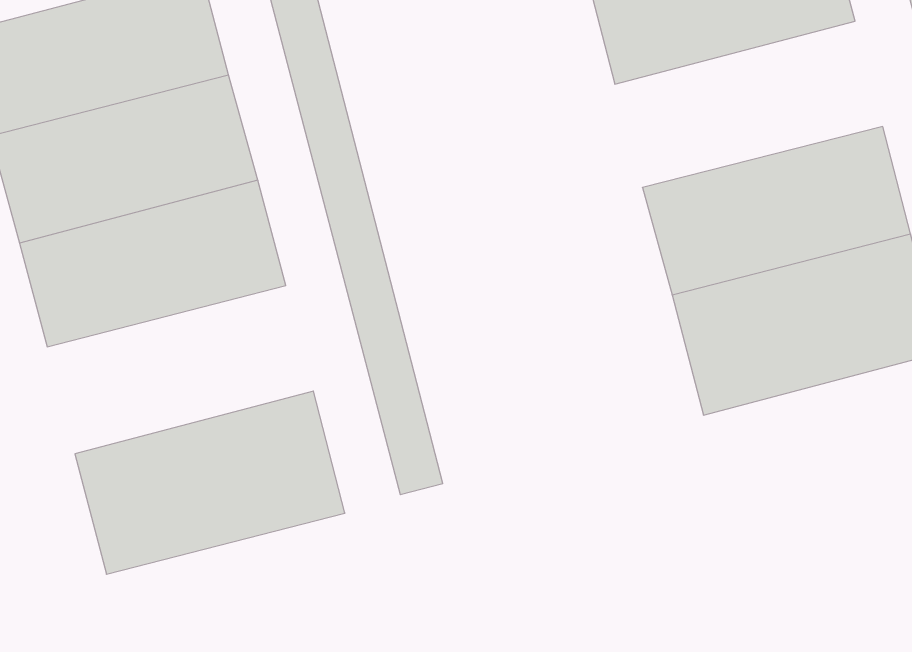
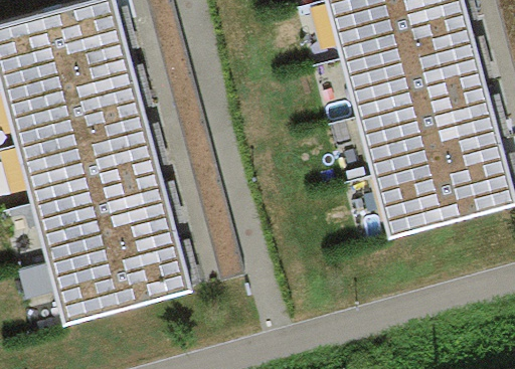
building: none -> [338,22,484,113]
building: none -> [29,166,174,257]

